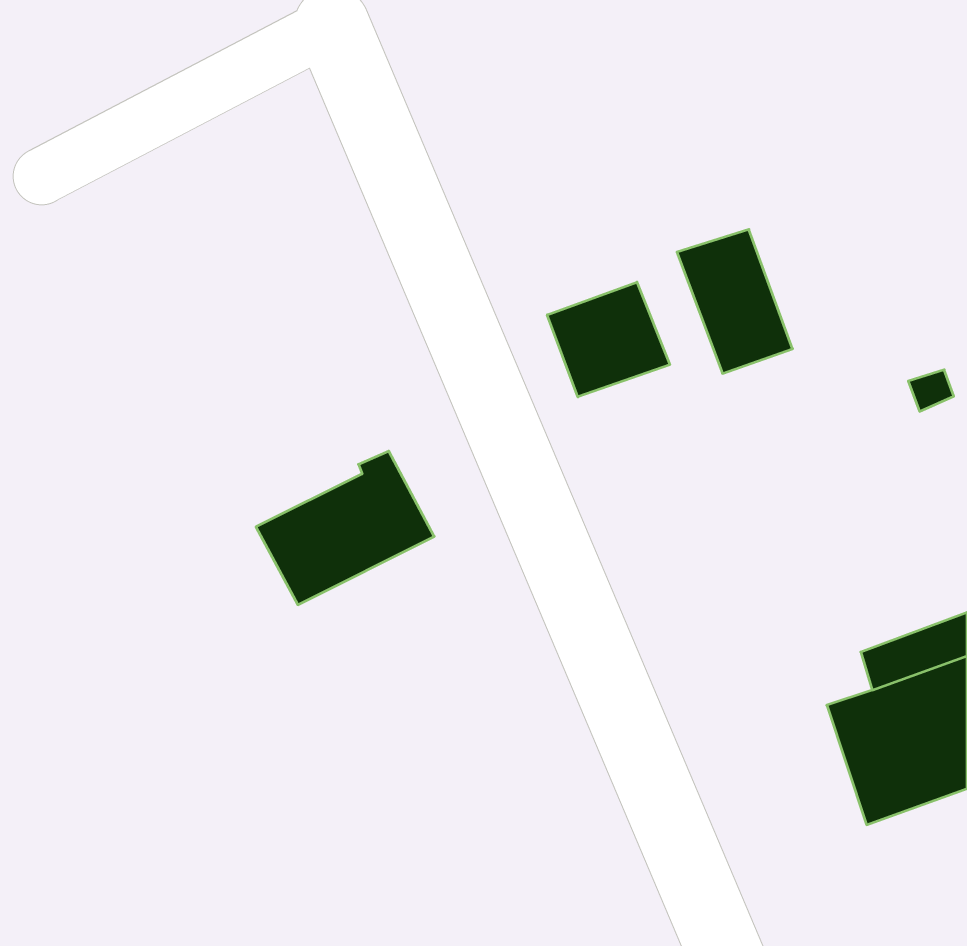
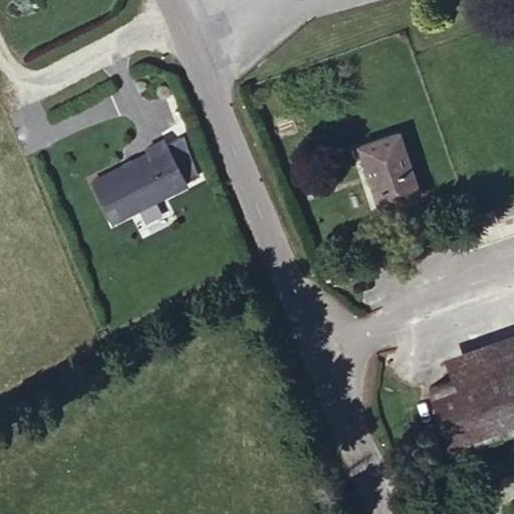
building: [547,282,670,397] -> none
building: [256,451,434,605] -> [94,142,189,223]

